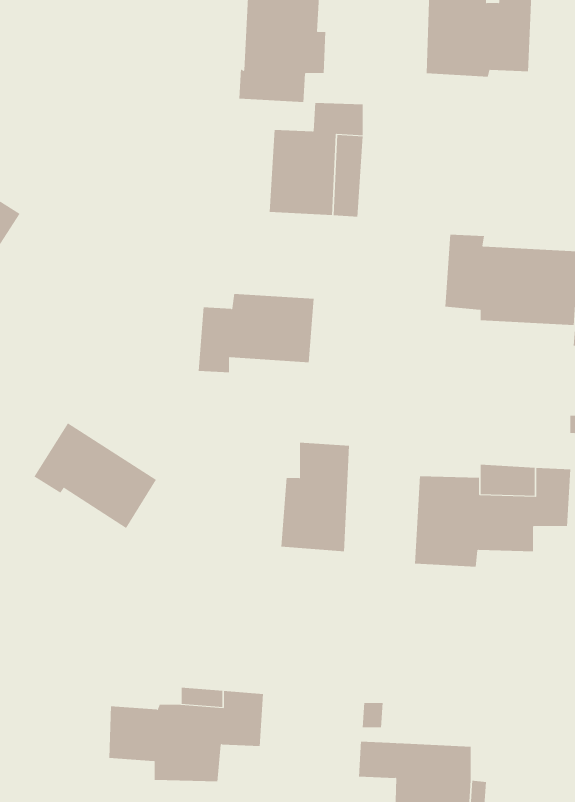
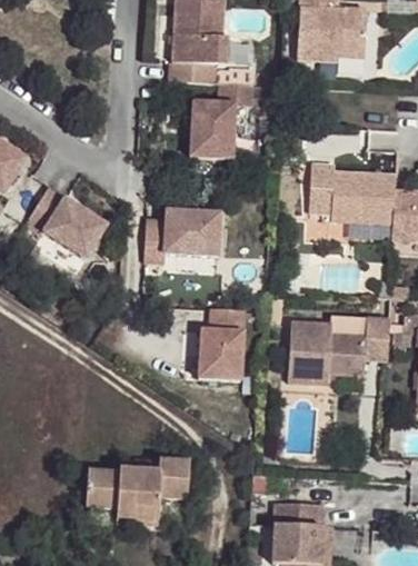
building: [34,422,157,529] -> [27,183,108,254]

